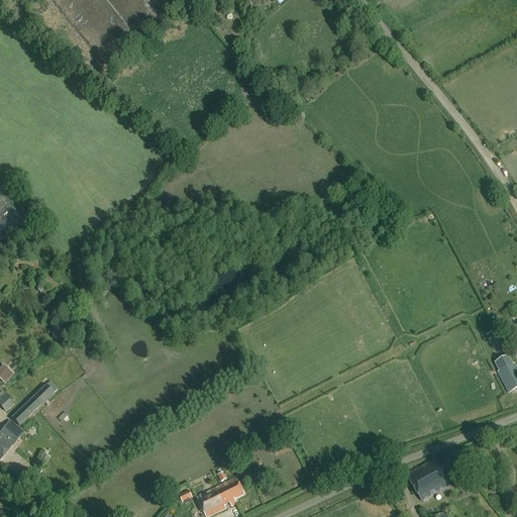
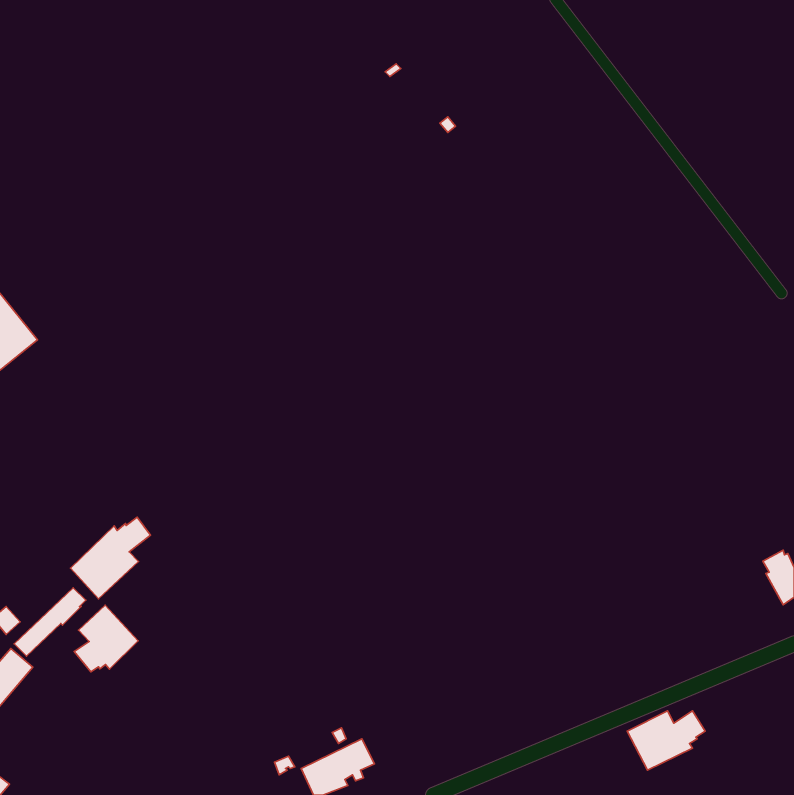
building: none -> [71,517,151,599]
building: none -> [74,605,138,672]

